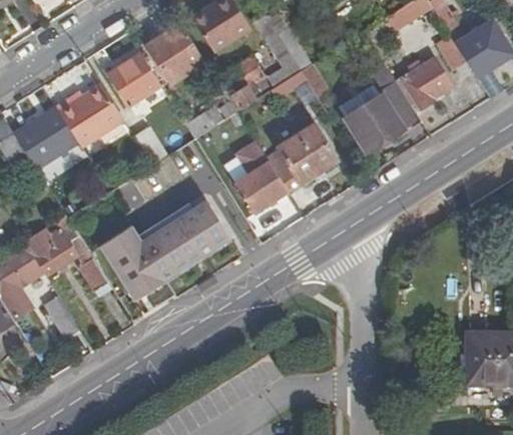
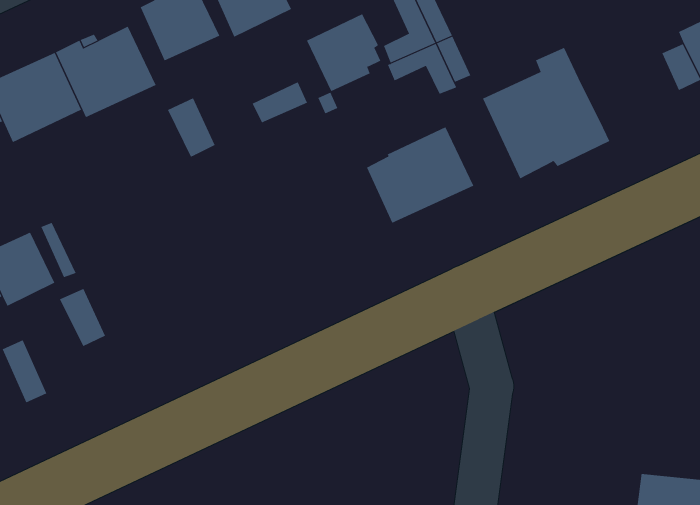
building: [396,58,451,112] -> none
building: [233,141,287,212] -> none
building: [99,198,230,299] -> none

